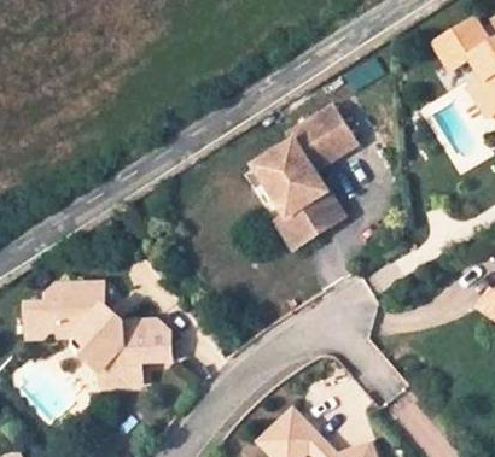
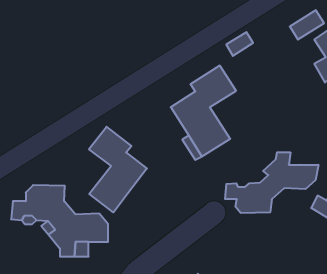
building: none -> [89,127,147,212]
building: none -> [225,152,318,213]

